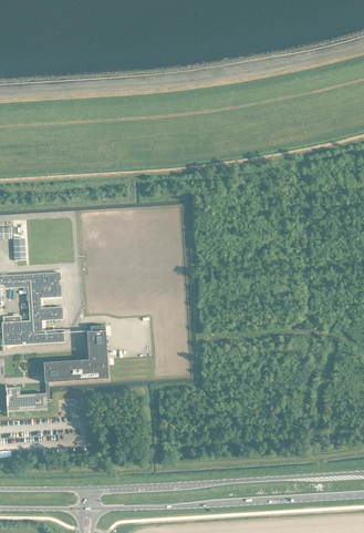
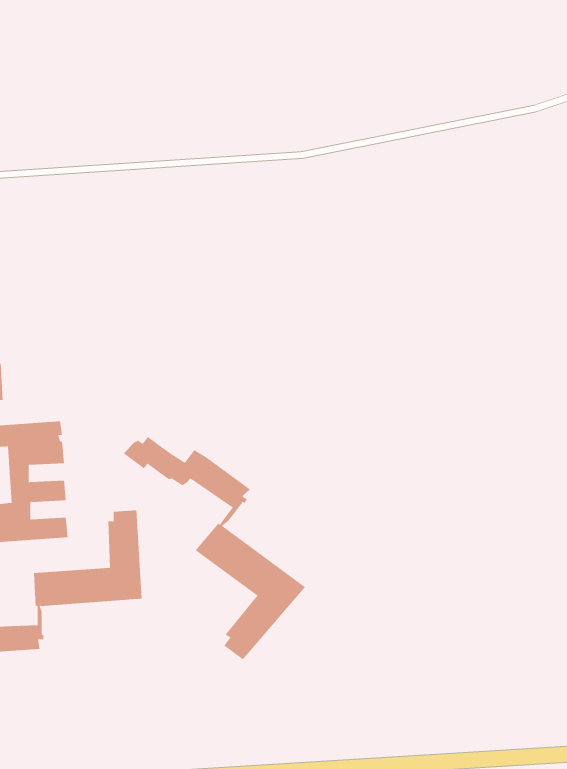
building: none -> [123,436,306,660]

